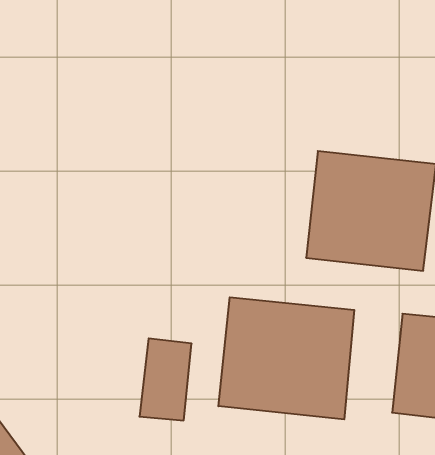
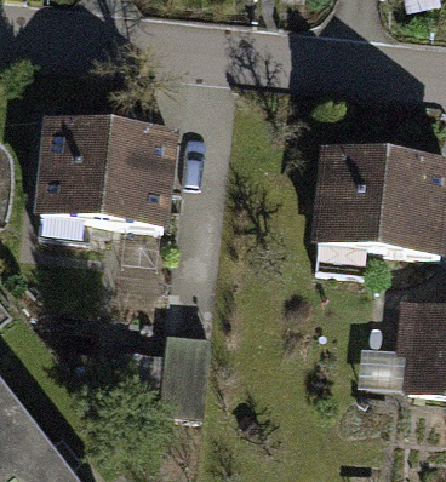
building: none -> [39,122,159,234]
building: [218,297,354,419] -> none

